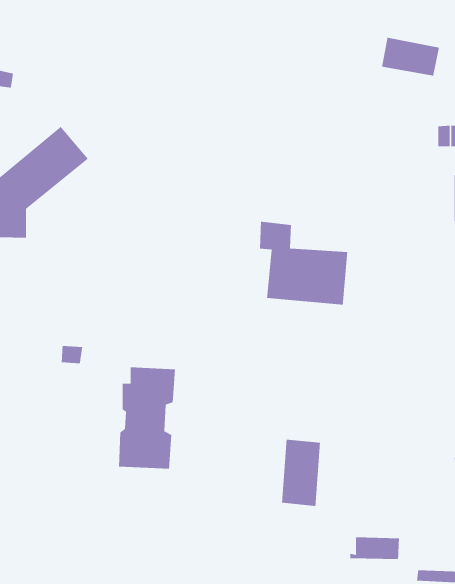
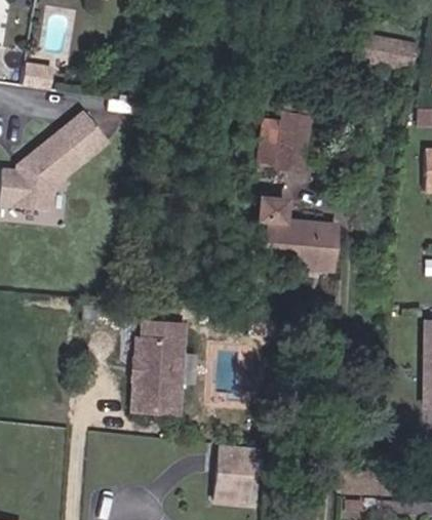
building: none -> [257,85,313,170]
building: [281,439,321,507] -> [218,441,252,501]

